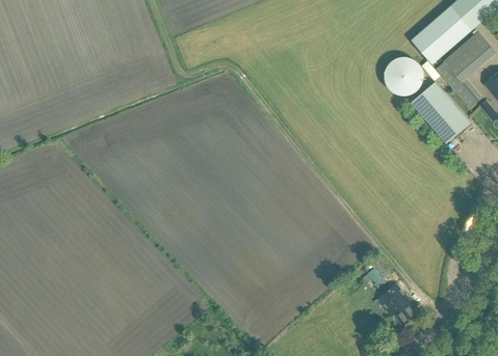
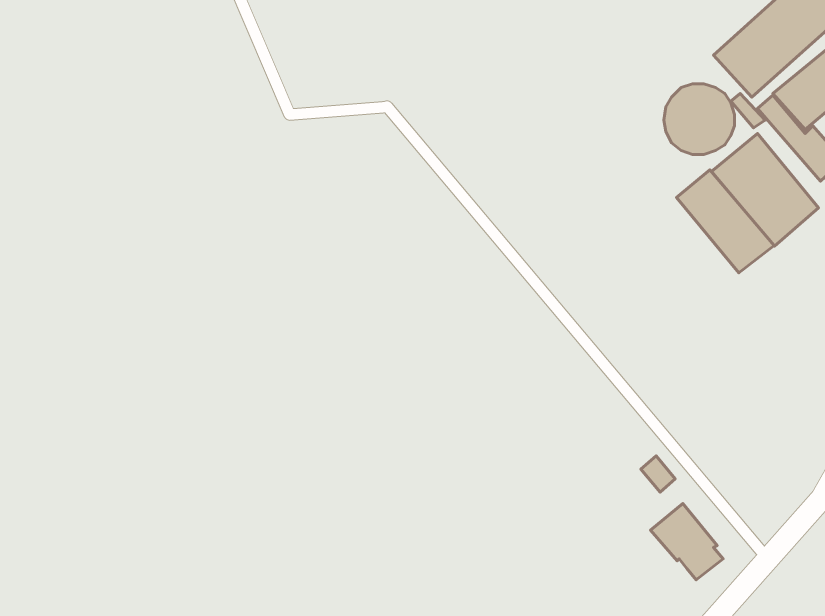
building: none -> [676,170,774,273]

